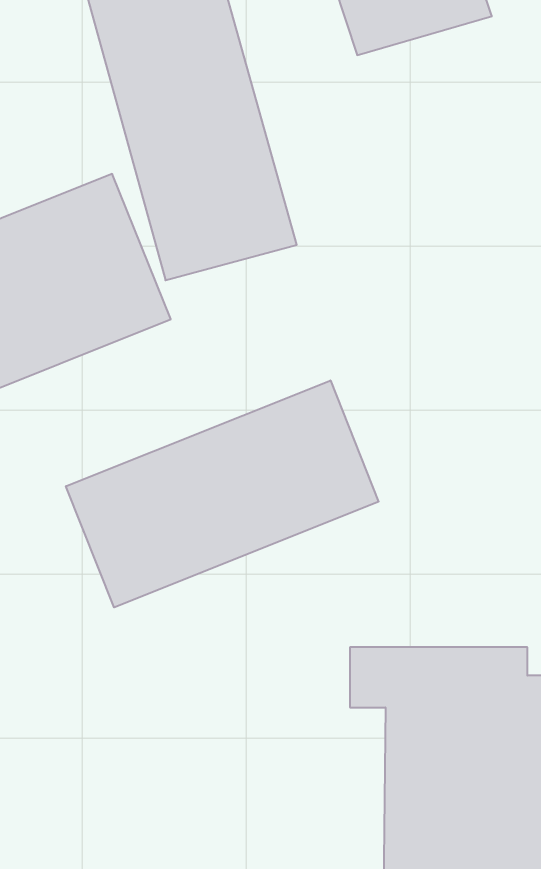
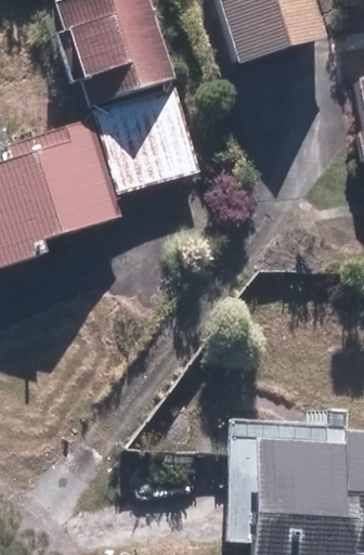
building: [66,380,379,607] -> none

